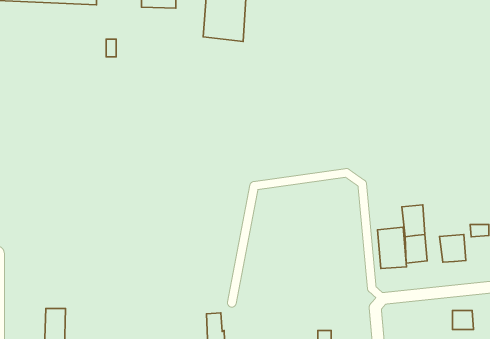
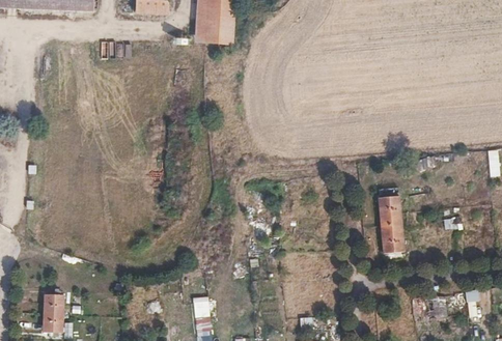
building: [377,227,406,269] -> none
building: [440,234,466,262] -> none

